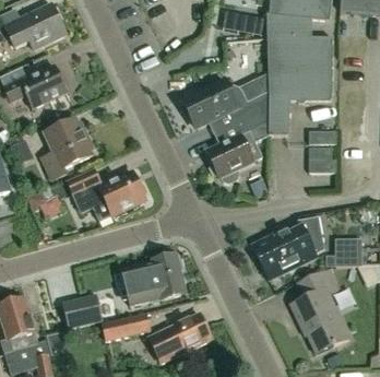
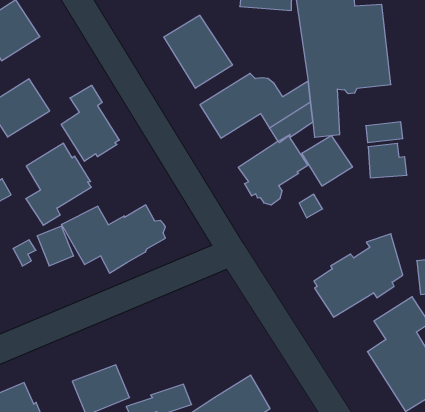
building: none -> [164,15,232,88]
building: none -> [61,85,119,161]
building: none -> [302,135,352,186]
building: [120,255,186,305] -> none

